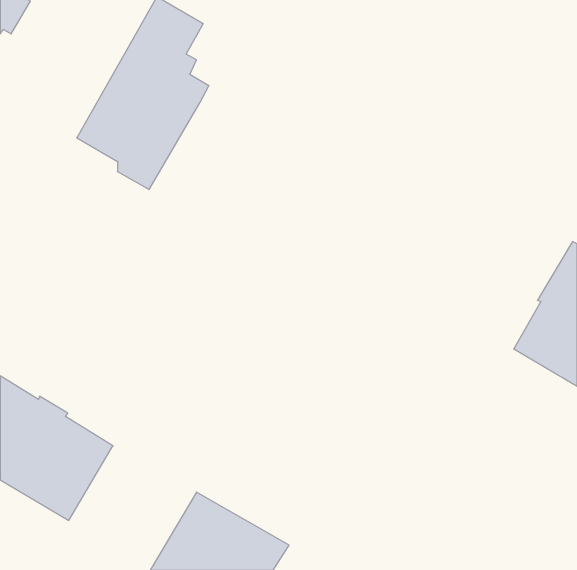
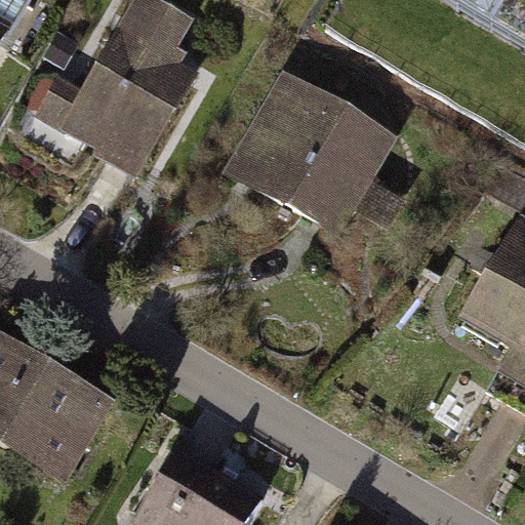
building: none -> [253,84,387,230]

